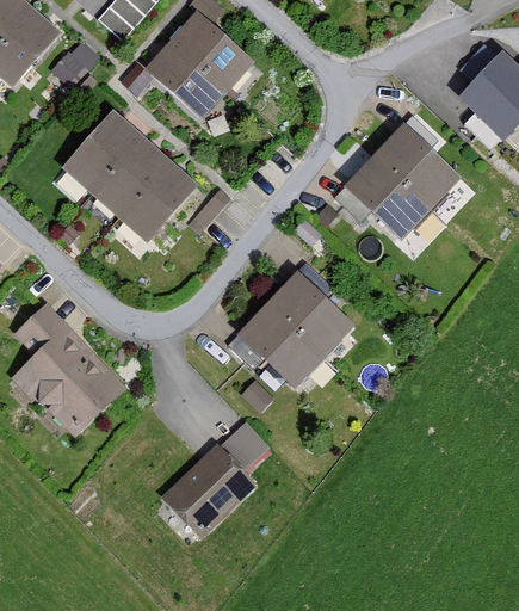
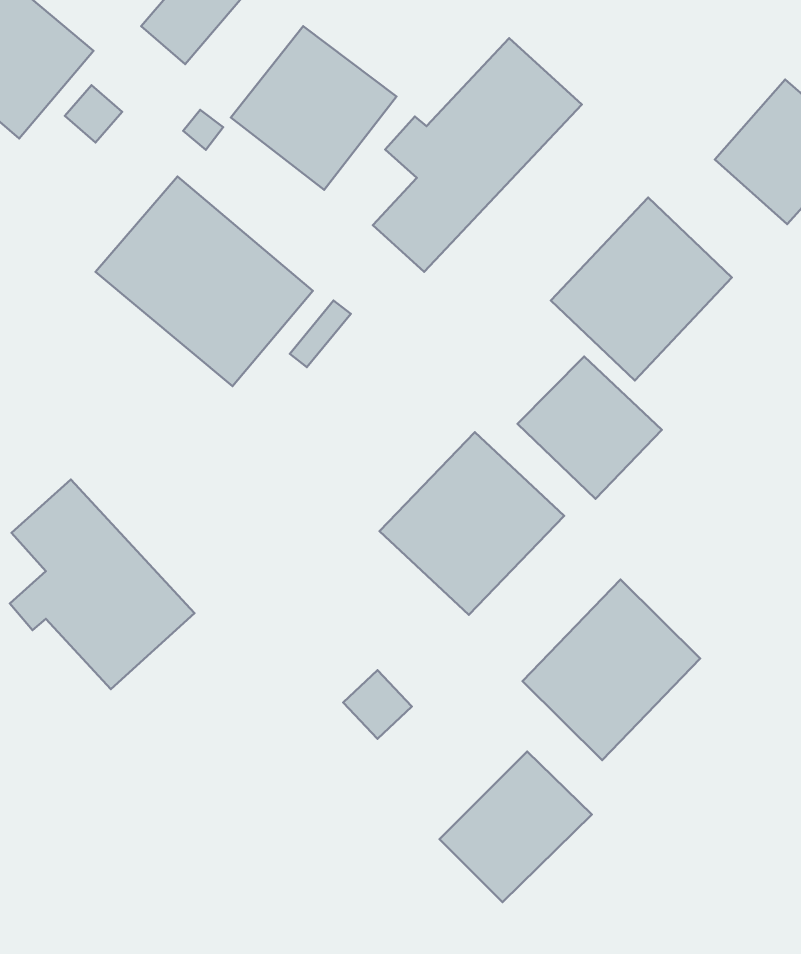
building: none -> [373,38,582,272]
building: none -> [518,356,662,499]
building: none -> [523,579,700,760]
building: [156,443,252,537] -> [440,752,592,902]

